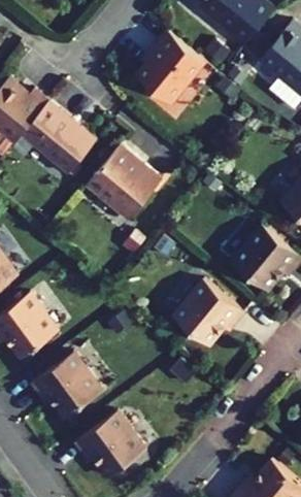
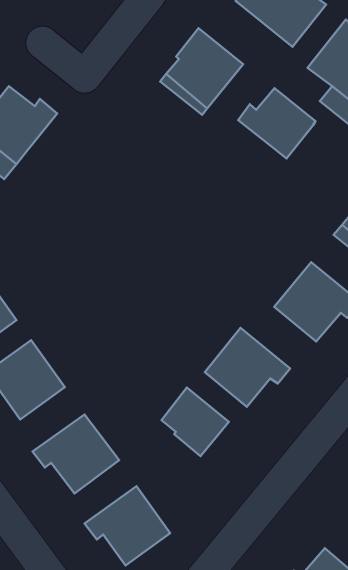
building: none -> [238,88,316,159]
building: [24,101,99,173] -> none
building: [91,144,169,222] -> none
building: none -> [161,387,229,456]

